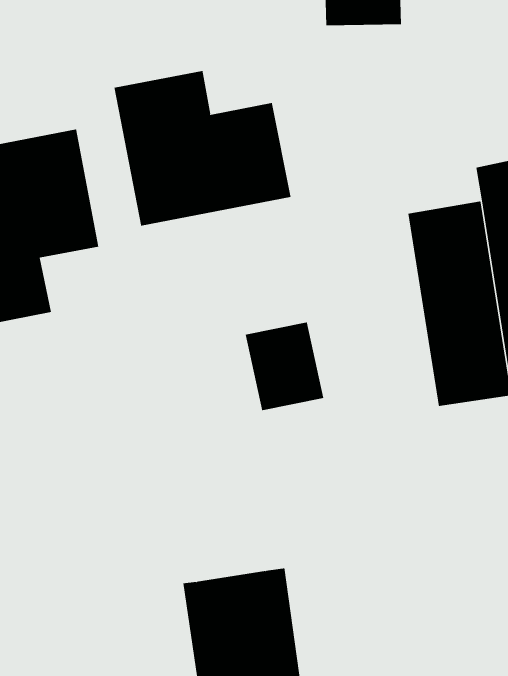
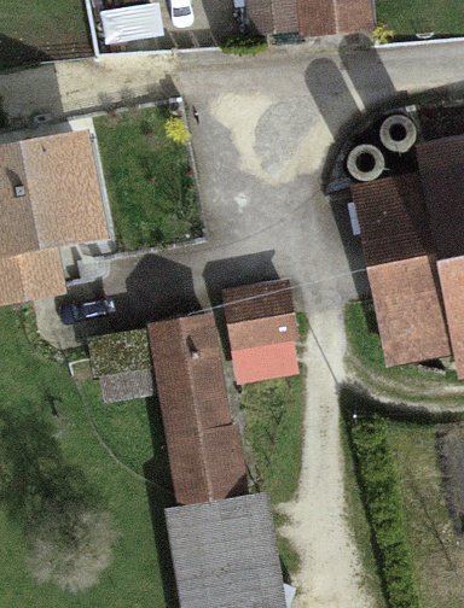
building: [114,70,291,227] -> none
building: none -> [156,333,244,518]

